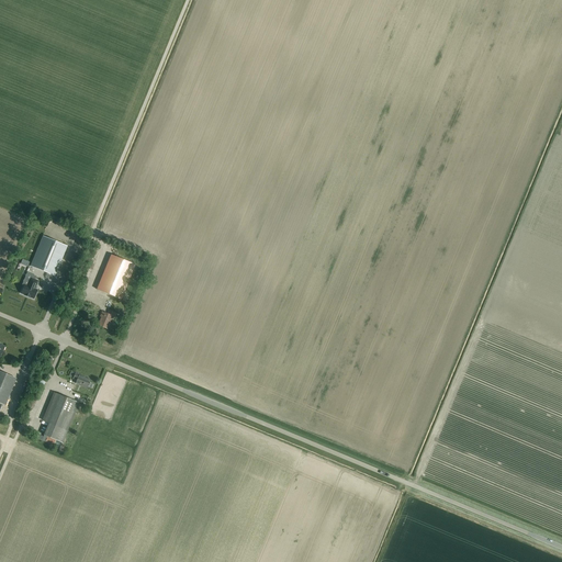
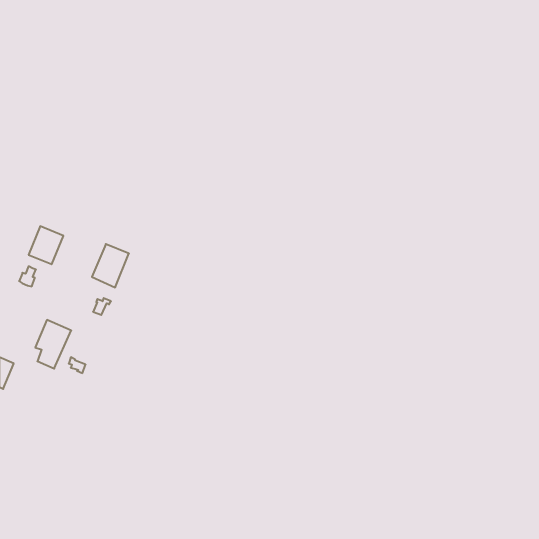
building: [41,391,78,441] -> [35,320,71,369]

